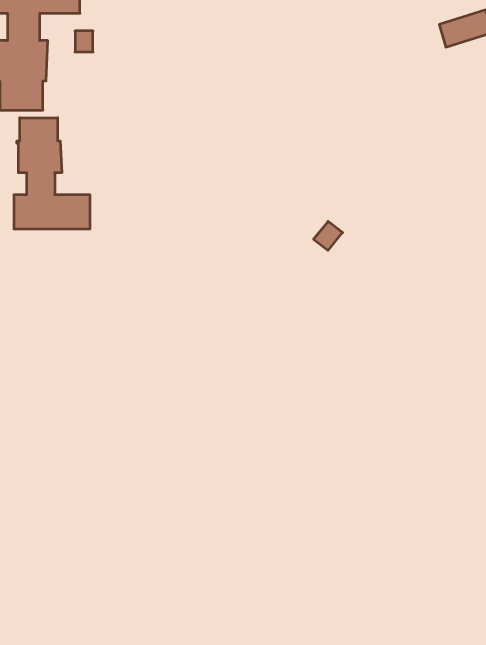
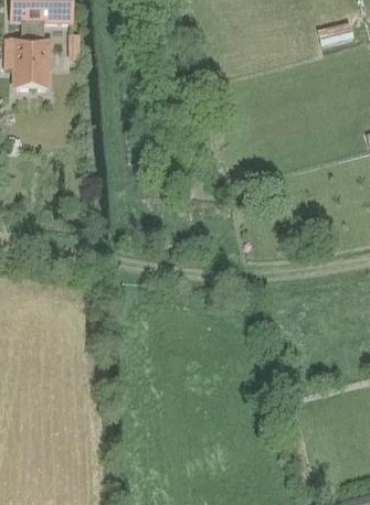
building: [14,118,90,229] -> none

